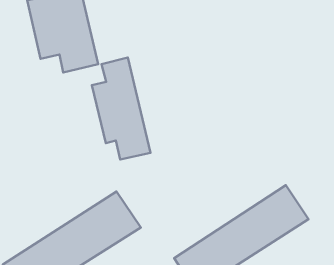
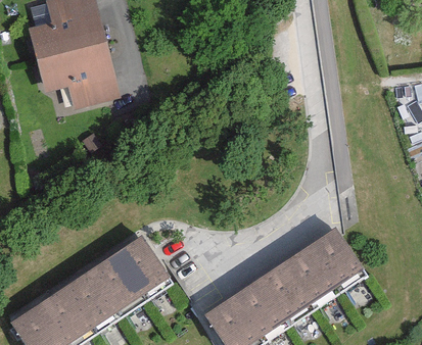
building: [92,58,150,159] -> none

